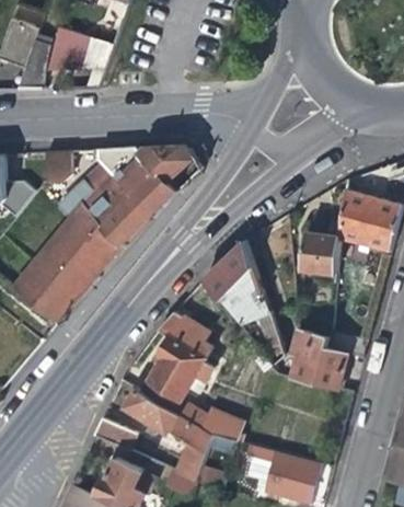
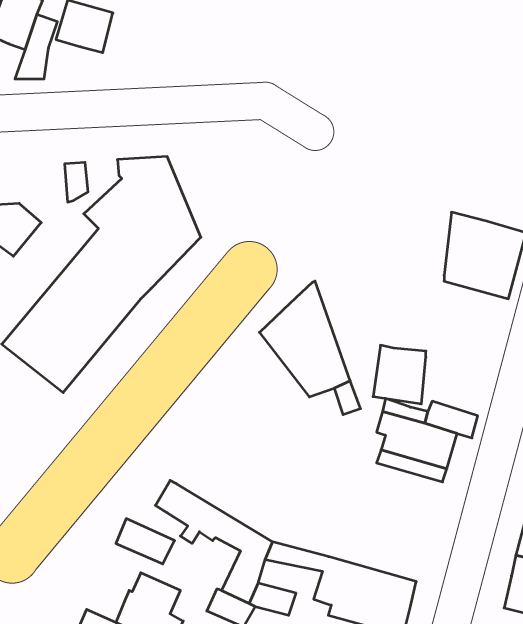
building: [132,145,194,207] -> none
building: [300,231,339,275] -> [373,345,426,404]
building: [139,311,256,446] -> none

